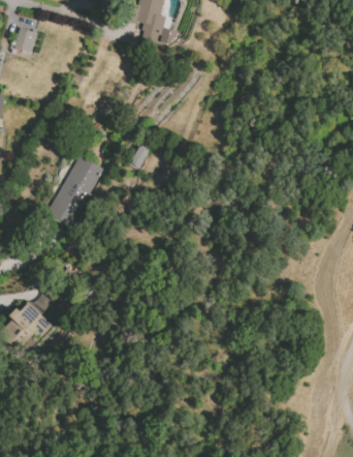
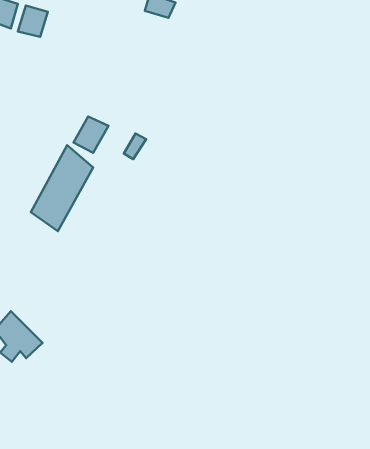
building: none -> [18,6,48,37]
building: none -> [74,116,109,153]

